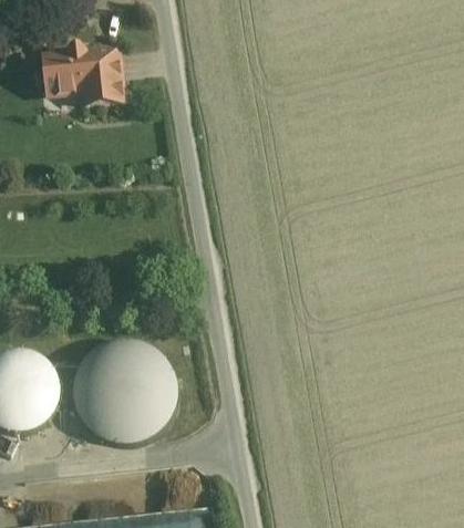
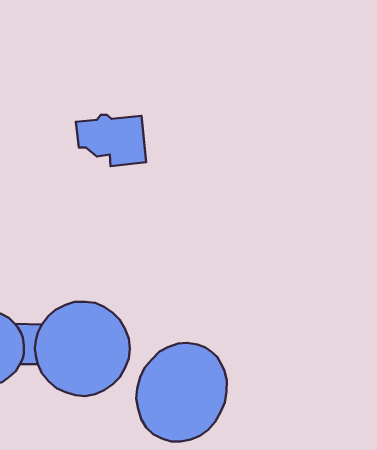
building: [43,45,122,103] -> [76,115,146,166]
building: none -> [136,343,227,442]

